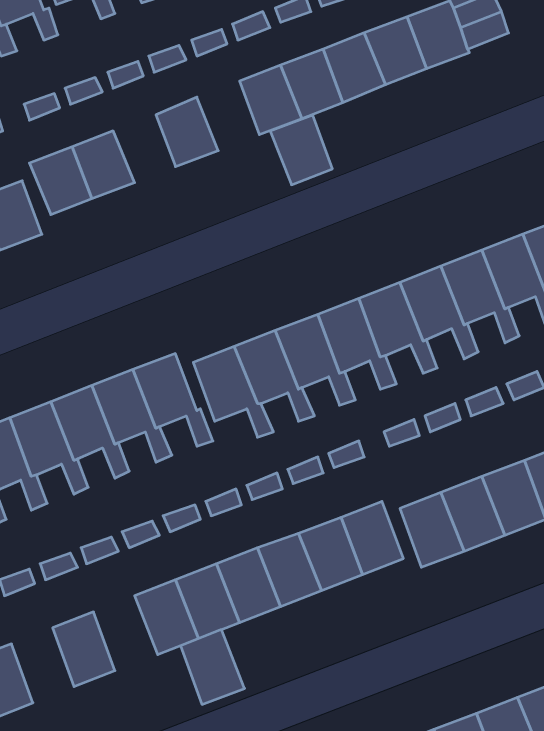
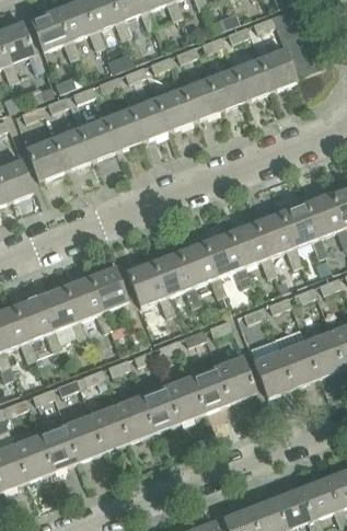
building: none -> [78,118,116,160]
building: [270,115,332,185] -> [129,97,167,140]
building: none -> [15,434,54,480]
building: [180,630,245,704] -> [66,414,105,460]

